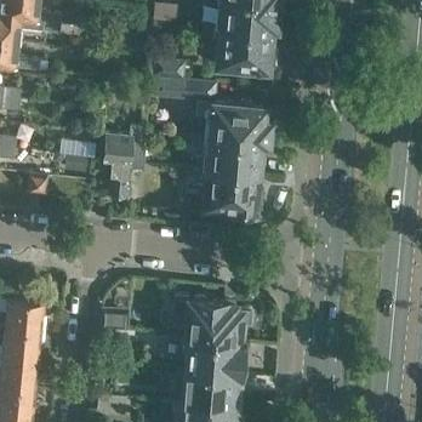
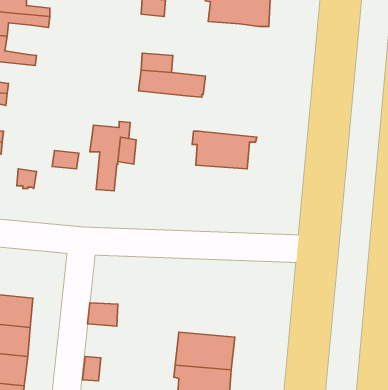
building: [203,27,275,69] -> none
building: [195,102,268,143] -> none
building: [192,170,262,213] -> none
building: [172,298,246,342] -> none

